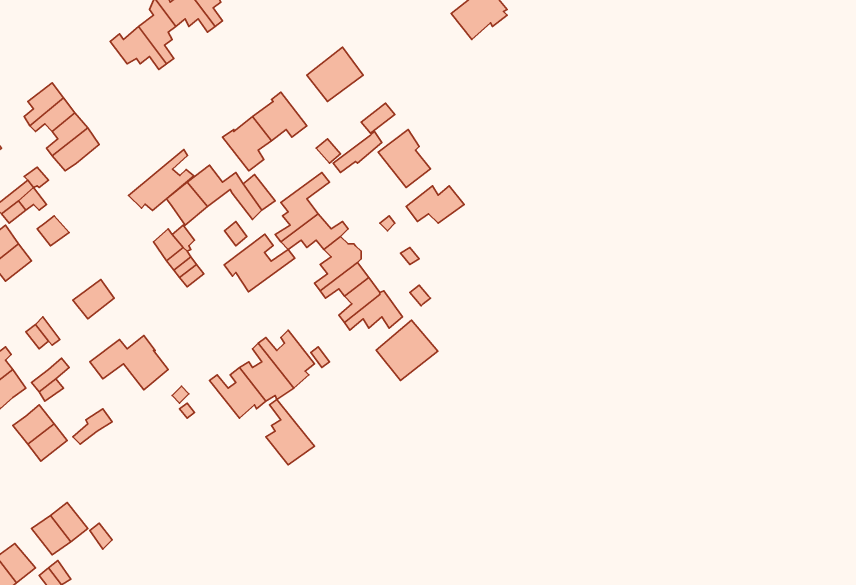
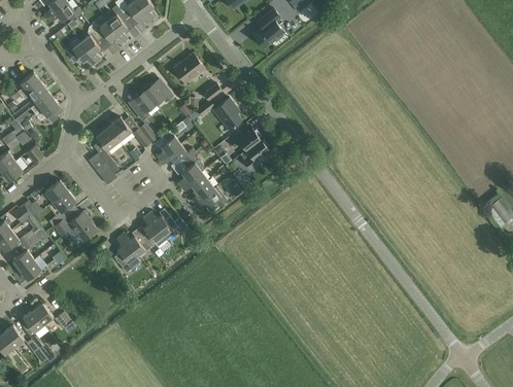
building: [128,149,194,211] -> none
building: none -> [239,140,267,172]
building: [224,234,295,292] -> none
building: none -> [49,191,75,226]
building: [376,320,438,381] -> none
building: [266,399,314,465] -> [113,237,140,273]

